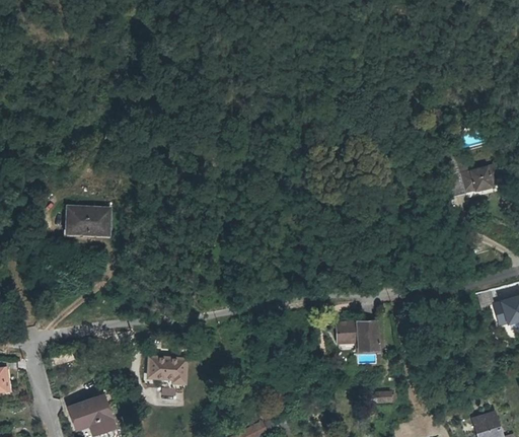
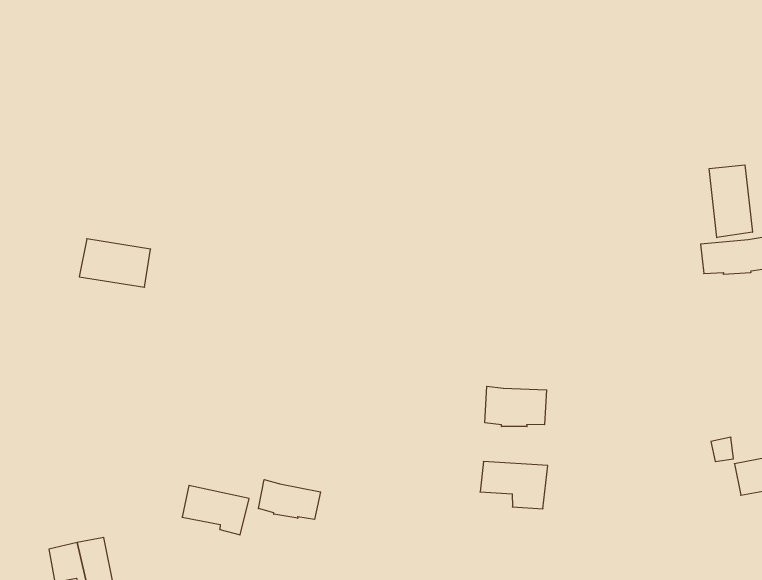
building: none -> [709,165,752,238]
building: none -> [485,386,547,427]
building: none -> [258,480,321,519]

